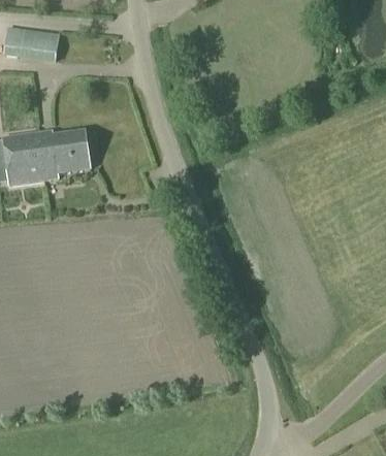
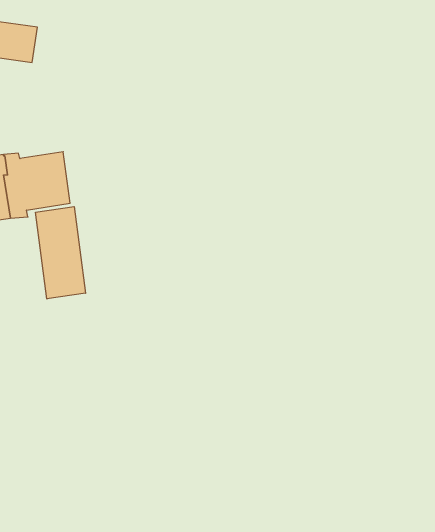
building: none -> [36,207,86,299]

